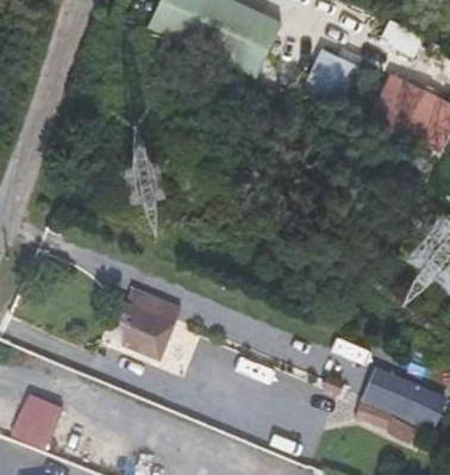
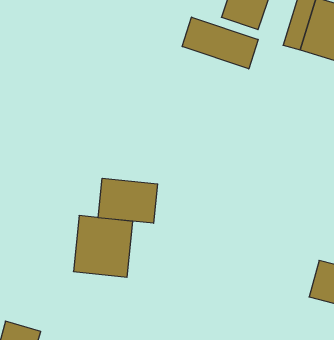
building: none -> [182,17,258,69]
building: none -> [98,178,158,223]

